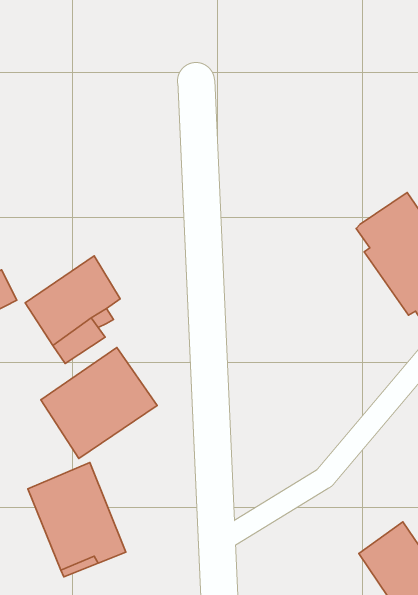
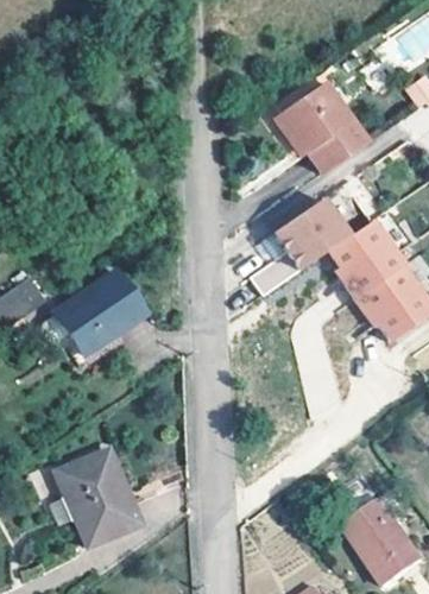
building: none -> [285,97,361,176]
building: none -> [257,194,347,291]
building: [41,348,157,458] -> none

